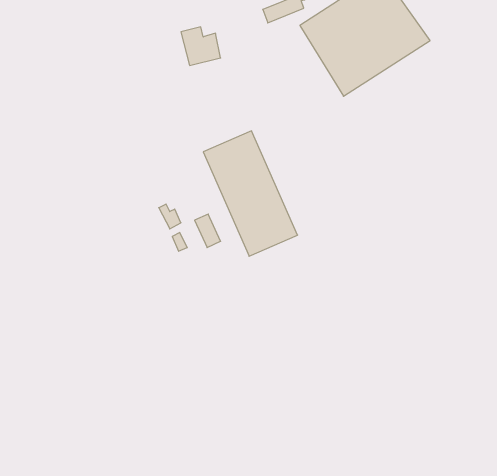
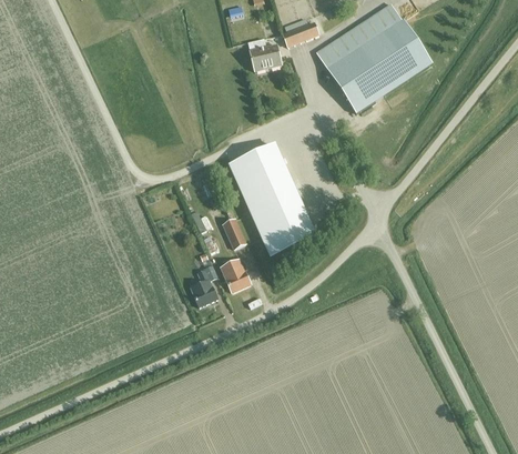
building: [181,27,221,65] -> [246,38,282,72]
building: none -> [221,259,251,292]
building: none -> [190,265,216,306]

